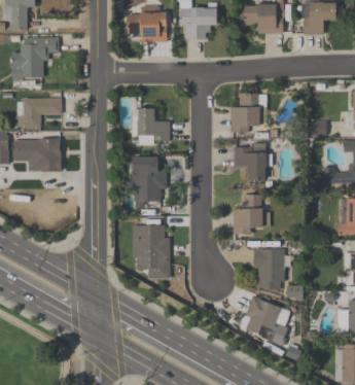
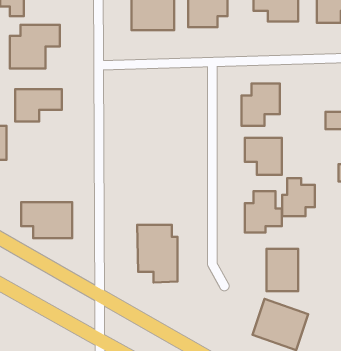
building: [132,107,170,143] -> none
building: [13,137,62,171] -> [21,202,72,238]
building: [133,155,165,208] -> none
building: none -> [282,178,315,216]

